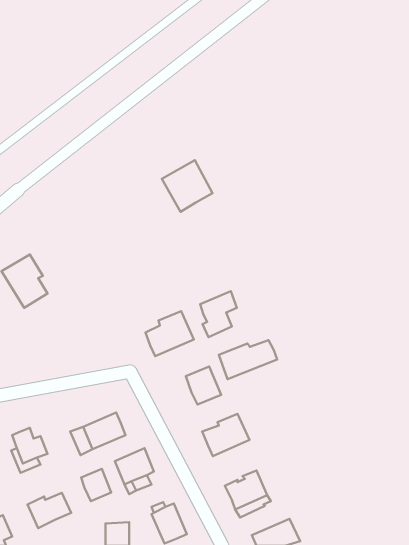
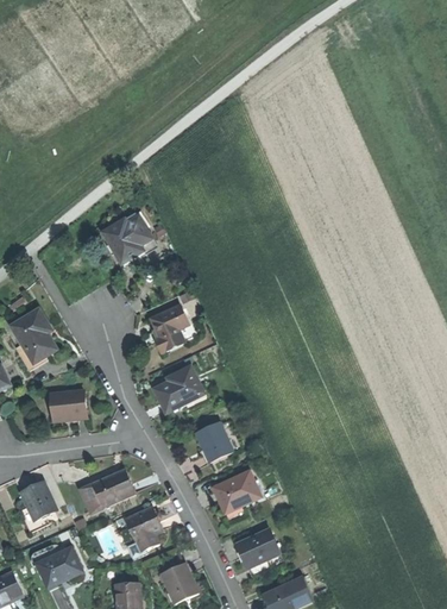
building: [162,160,213,212] -> [102,211,153,263]
building: [200,291,237,337] -> [151,306,188,352]
building: none -> [50,389,84,420]
building: [219,340,277,379] -> none
building: [81,469,111,501] -> none

